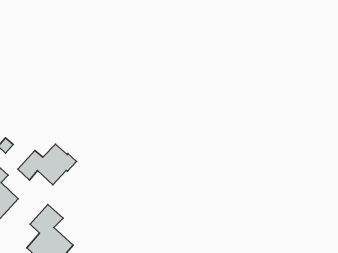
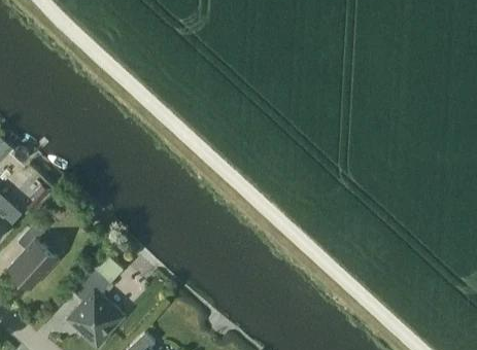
building: [18,144,76,185] -> none

